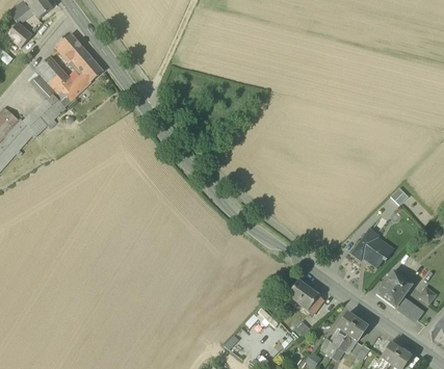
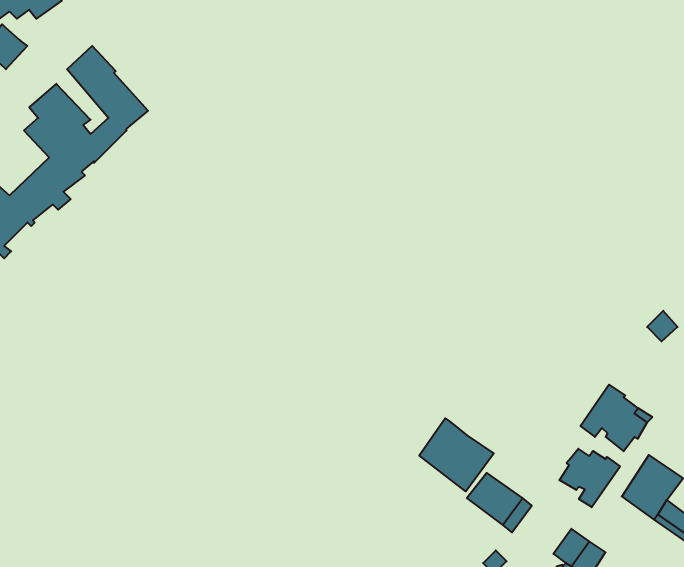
building: none -> [419,418,494,491]
building: none -> [559,449,620,507]

